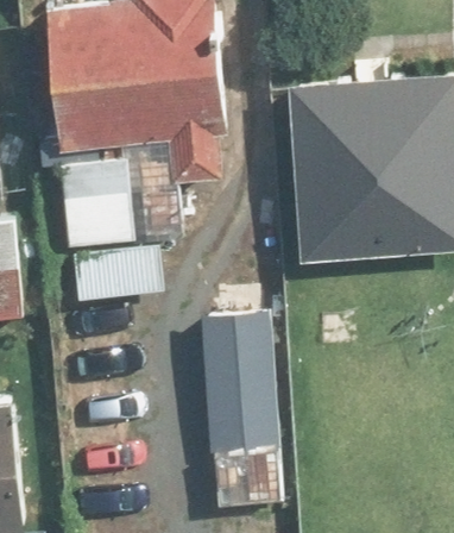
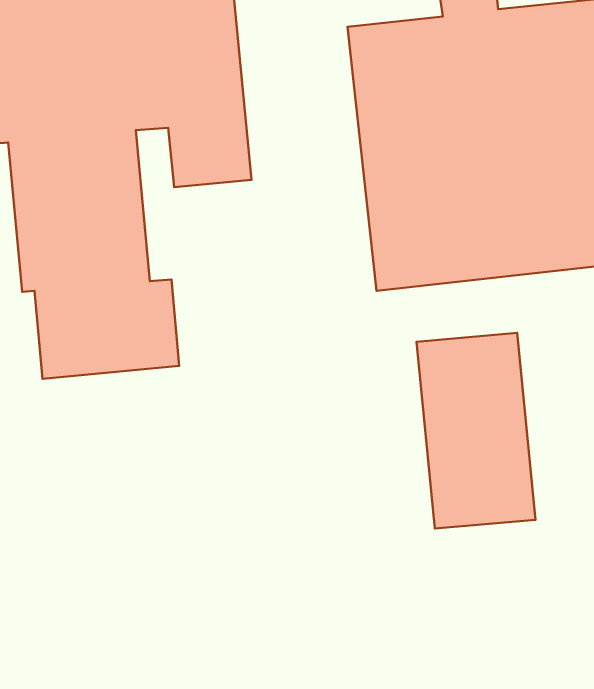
building: [202,316,272,441] -> [416,333,535,529]

